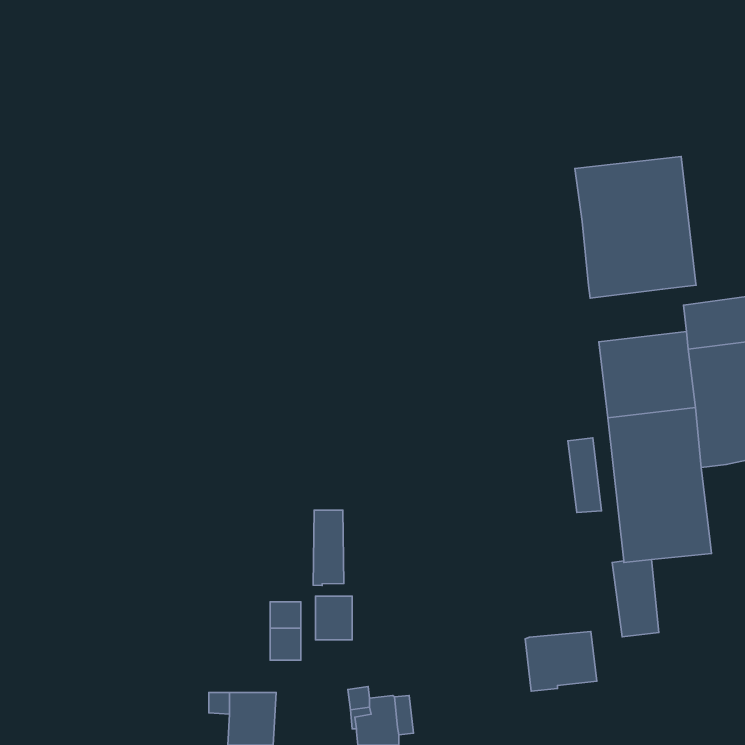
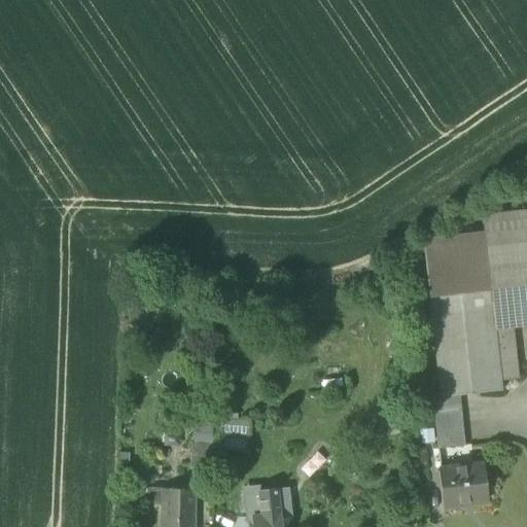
building: [575,156,696,298] -> none
building: [568,438,602,512] -> [495,327,519,380]
building: [313,510,344,585] -> none
building: [525,631,597,691] -> [438,464,489,506]

